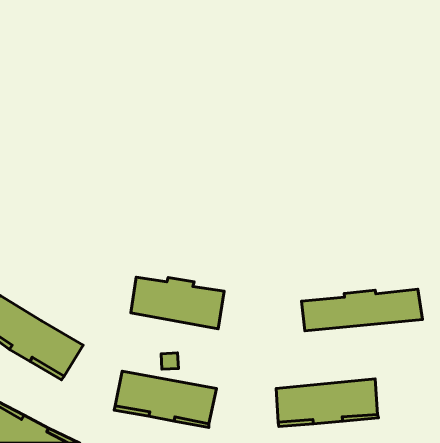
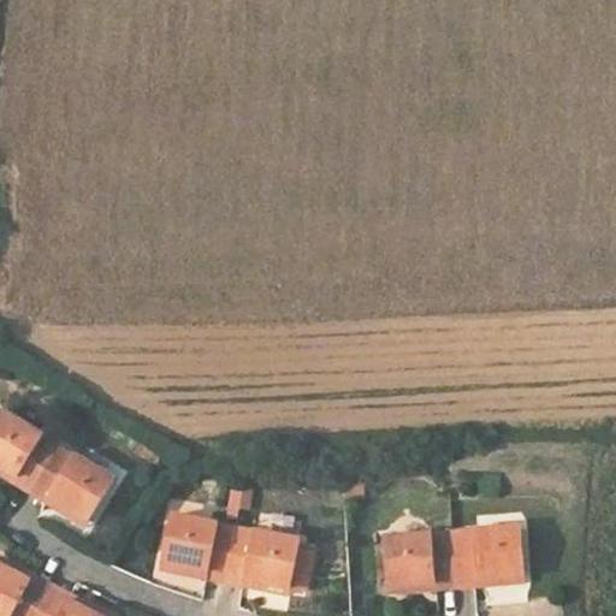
building: [131,277,224,329] -> none
building: [301,289,422,331] -> none

